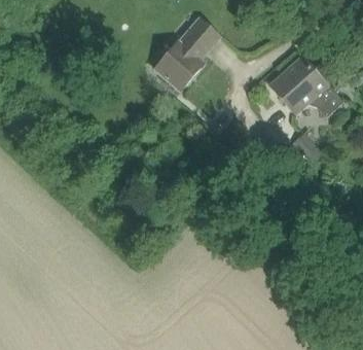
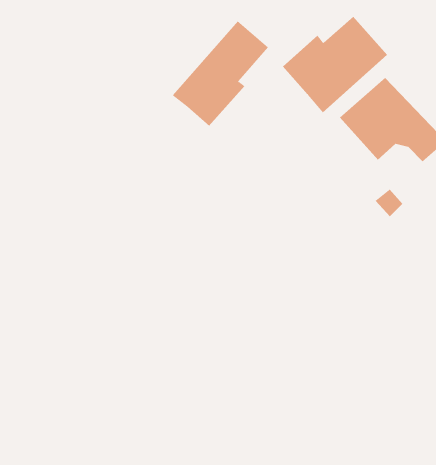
building: none -> [282,16,388,113]

